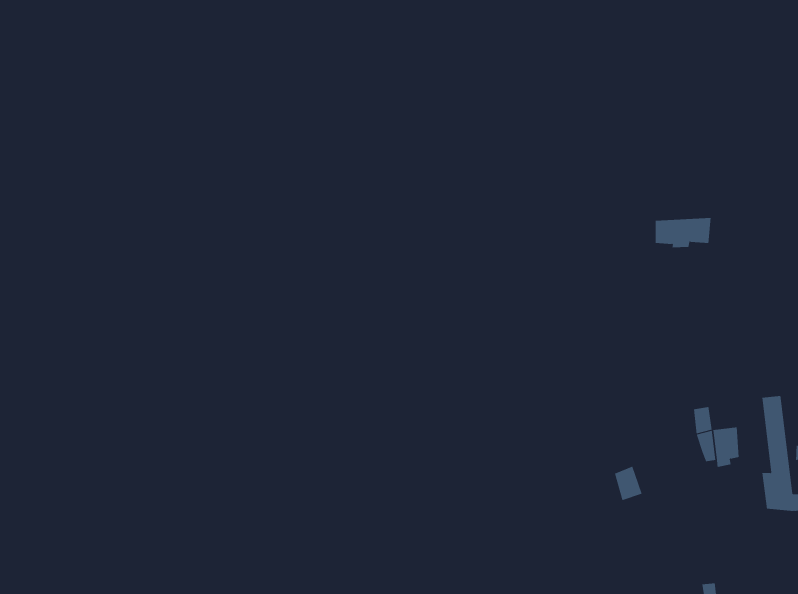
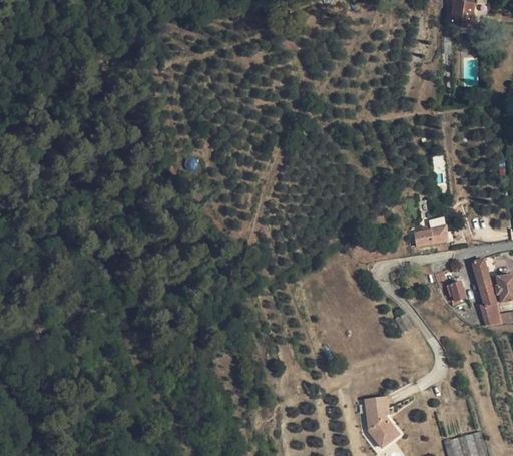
building: [655,217,712,248] -> [414,224,447,246]

